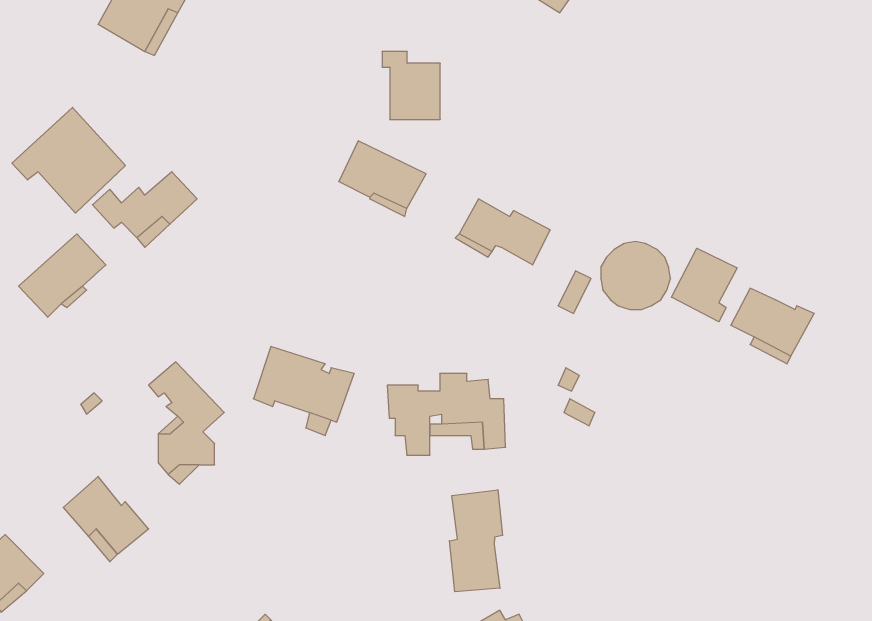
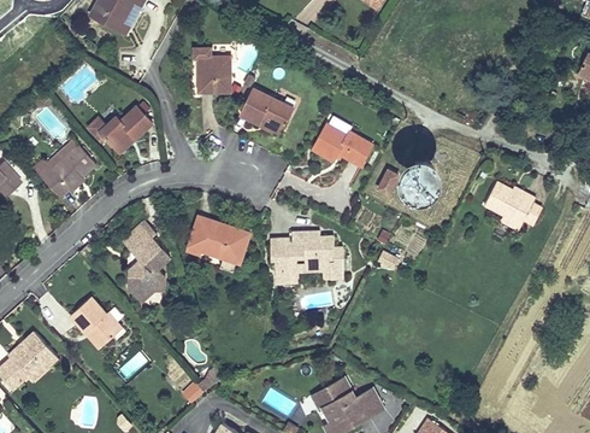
building: [382,52,440,119] -> [194,49,230,92]
building: [12,107,125,213] -> none
building: [671,248,737,322] -> none
building: [449,490,503,592] -> none

